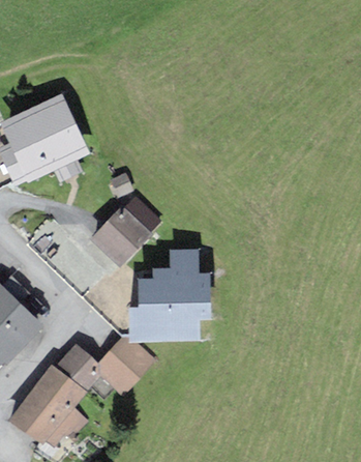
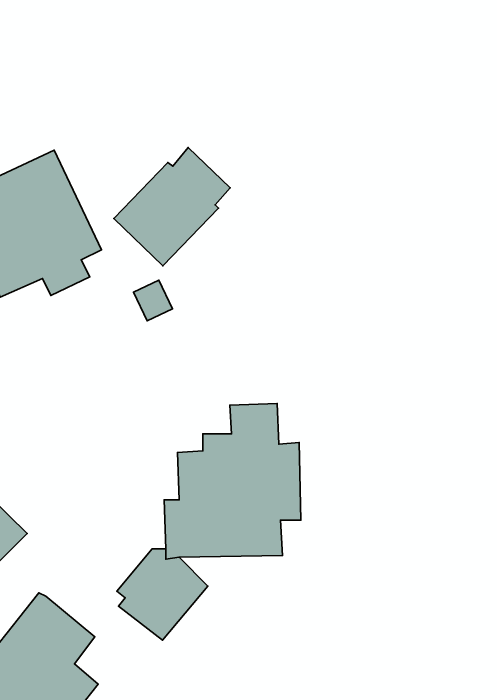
building: [89,195,160,267] -> [114,147,230,266]
building: [56,343,104,391] -> none

